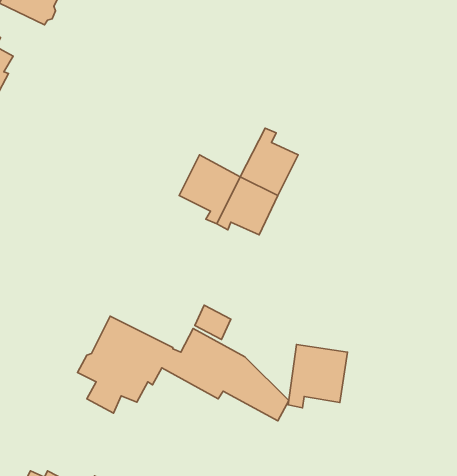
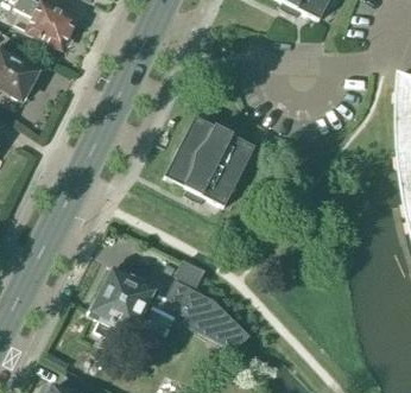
building: none -> [178,116,228,163]
building: [288,345,348,408] -> none

